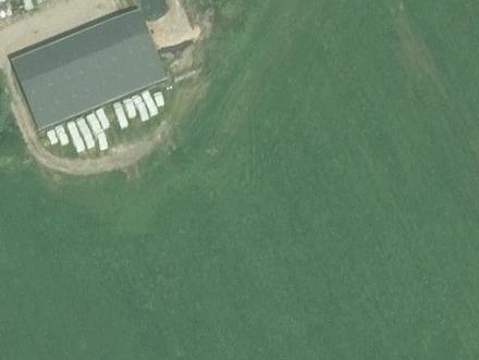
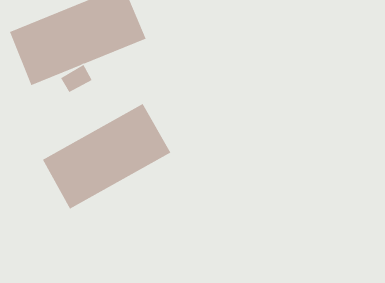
building: none -> [42,103,171,210]

